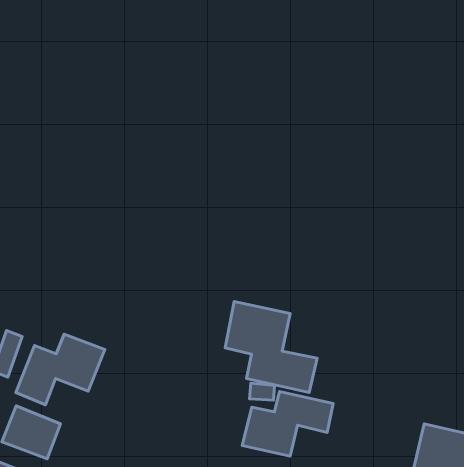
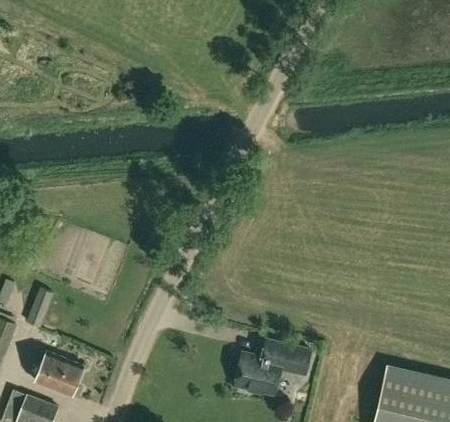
building: [225,301,317,393] -> none
building: [16,334,105,405] -> none

